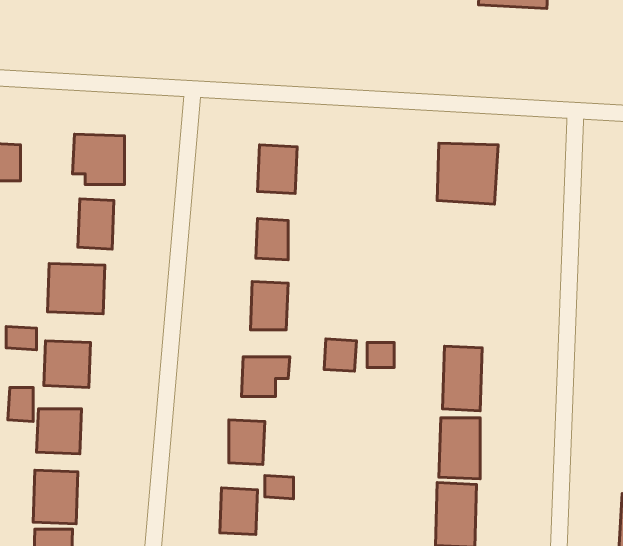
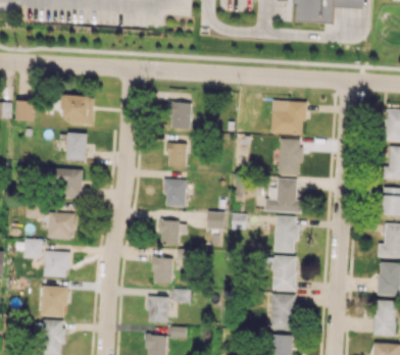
building: none -> [280,138,302,174]
building: none -> [264,179,302,212]

